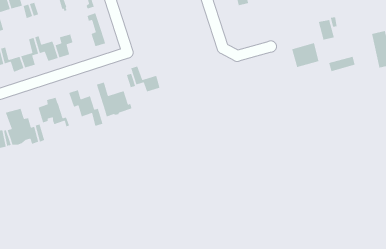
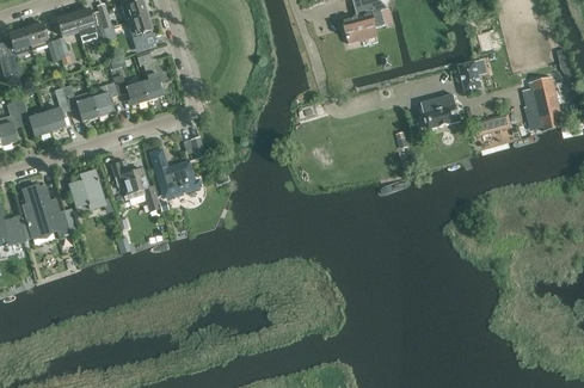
building: none -> [112,74,147,105]
building: [130,65,161,93] -> none

